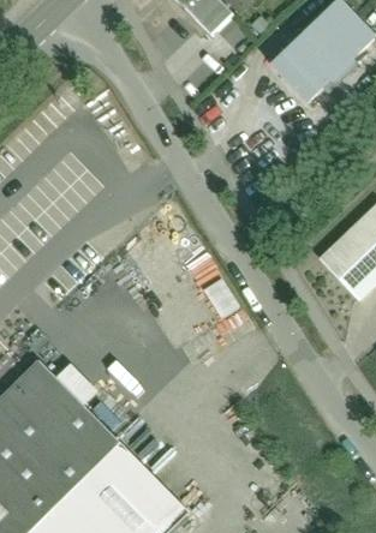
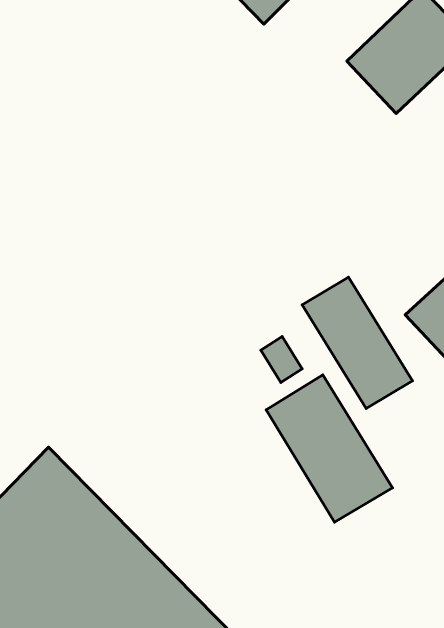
building: none -> [302,277,412,408]
building: none -> [266,375,393,522]

